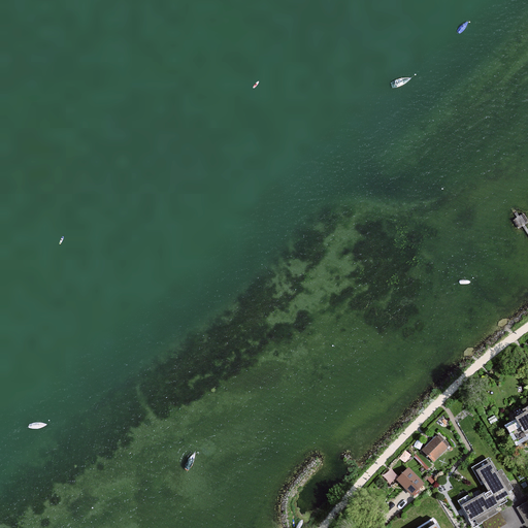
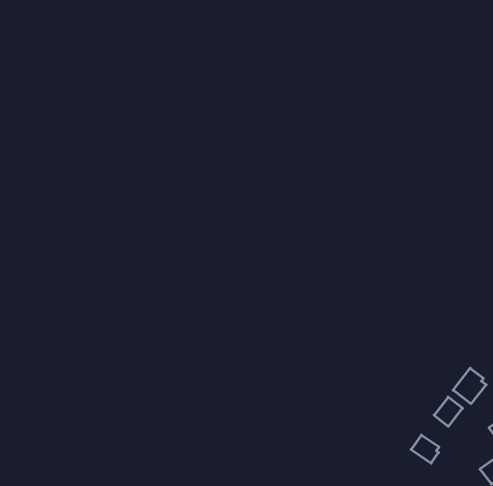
building: none -> [453,368,486,404]

